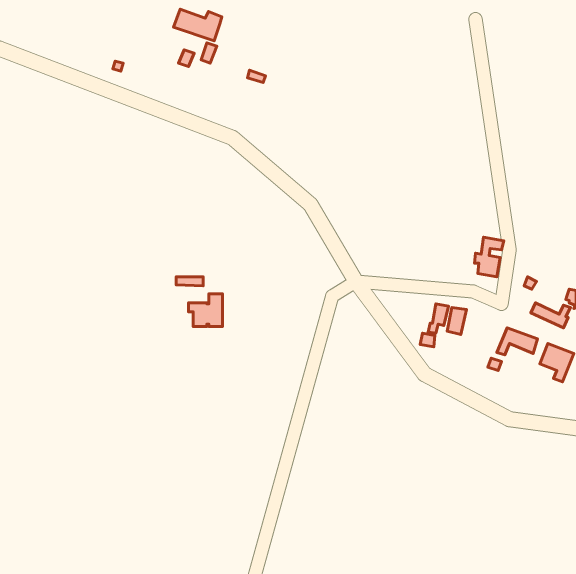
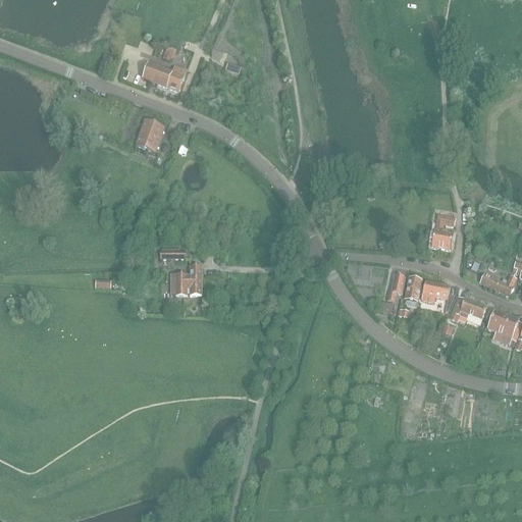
building: [173,9,222,41] -> [142,62,186,91]
building: none -> [135,119,163,151]
building: none -> [421,280,450,302]

